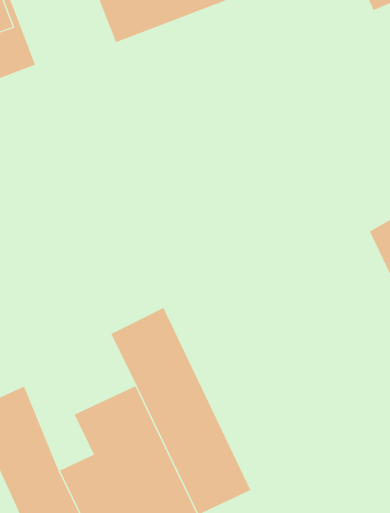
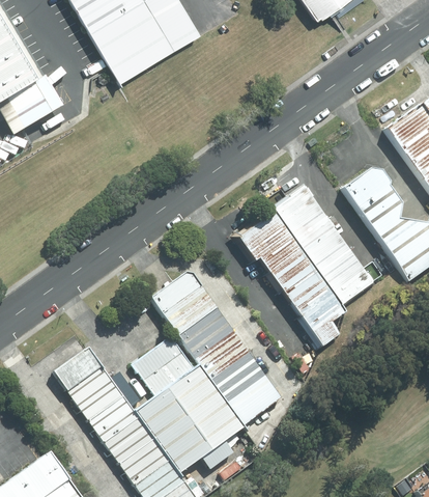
building: none -> [240,192,365,347]

